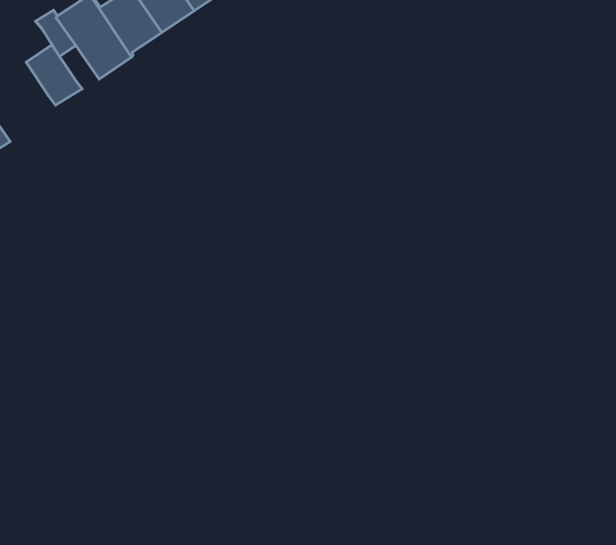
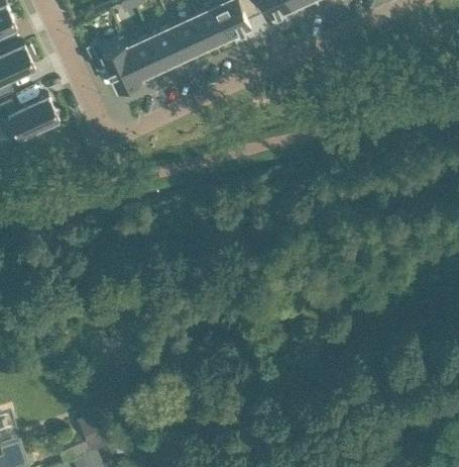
building: [26,45,82,105] -> none

